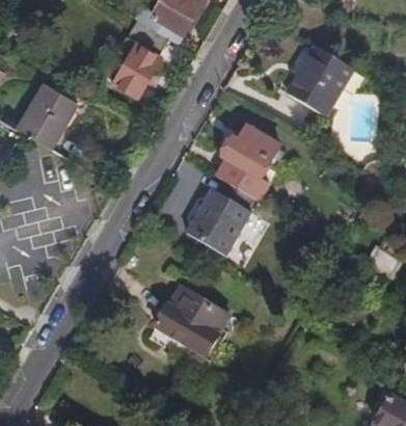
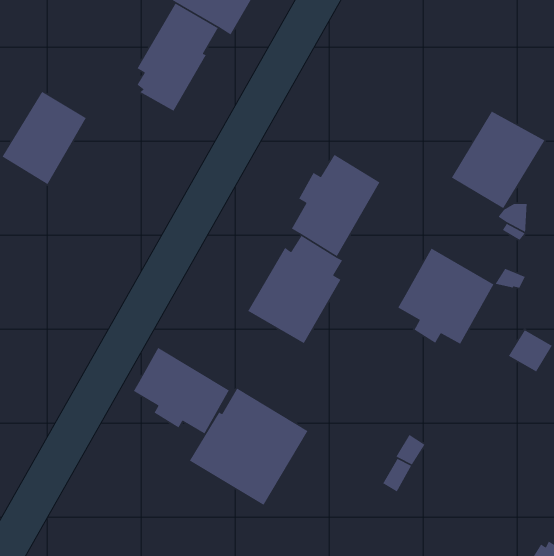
building: [288,46,353,114] -> [451,110,545,209]
building: none -> [397,247,494,345]
building: none -> [133,347,230,434]

